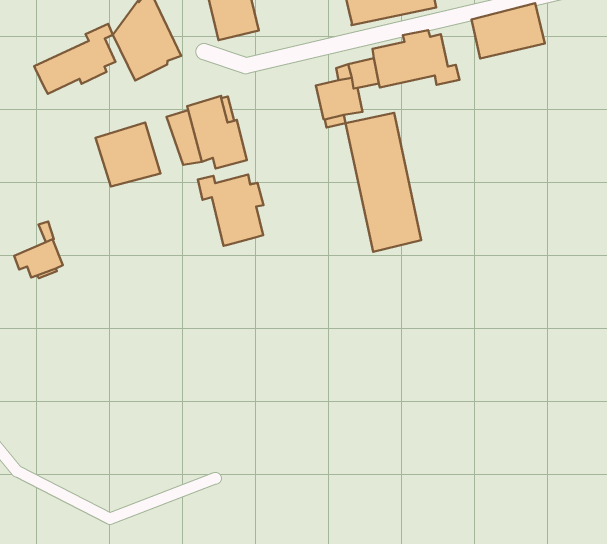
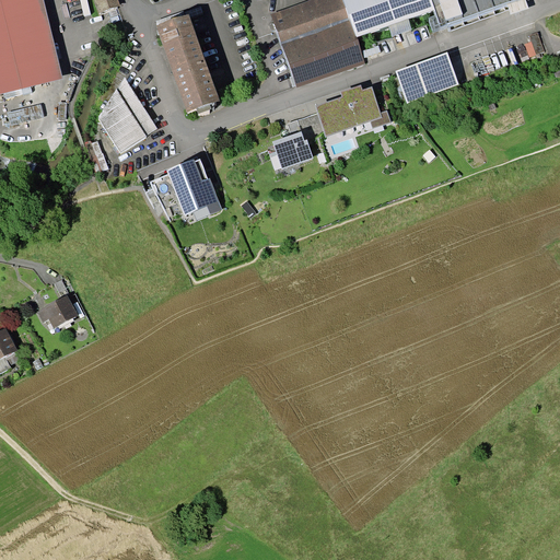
building: [34,24,116,94] -> none
building: [345,113,421,252] -> none
building: [95,122,160,186] -> none
building: [198,175,263,246] -> none

